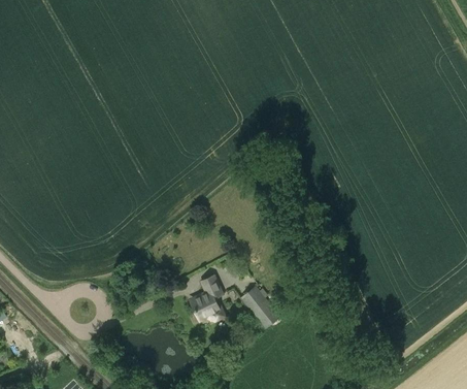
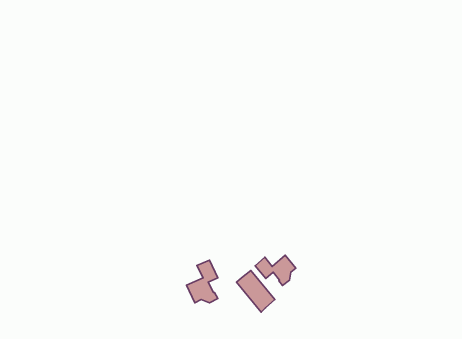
building: none -> [255,255,296,286]

